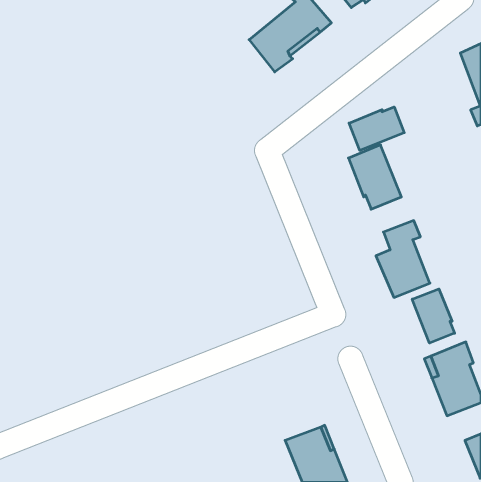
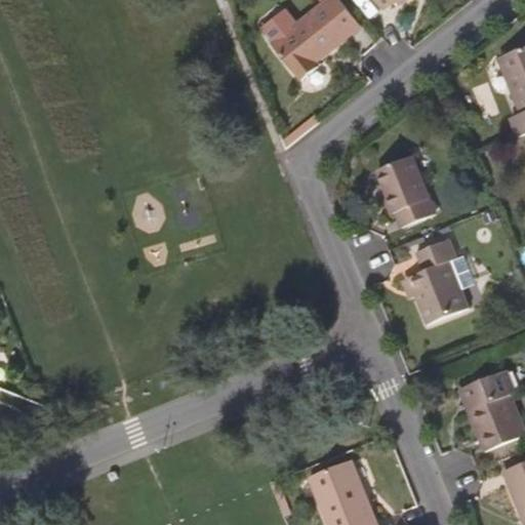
building: [349,107,404,150] -> none
building: [412,289,455,343] -> none

